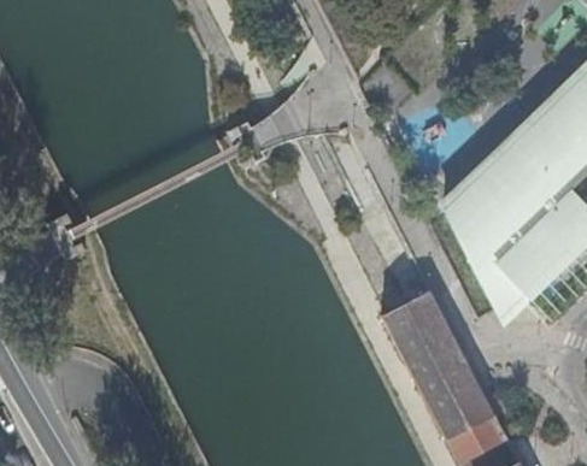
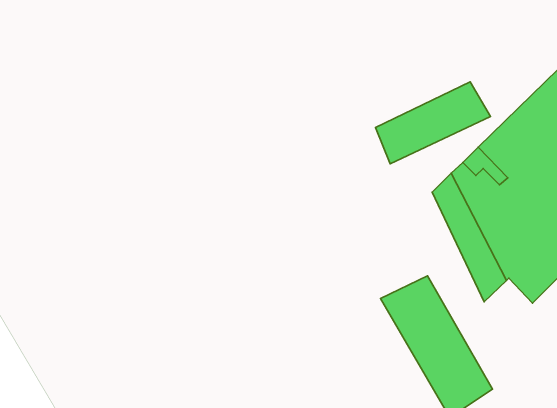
building: none -> [376,82,491,164]

